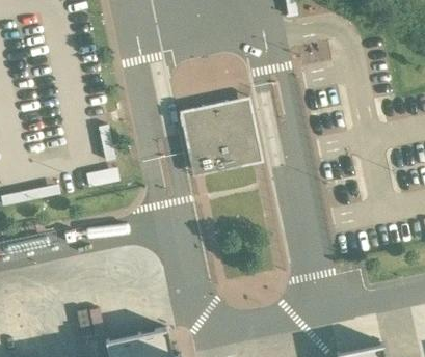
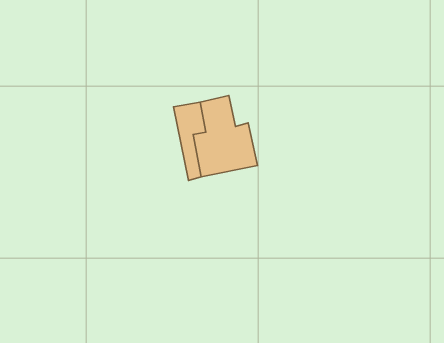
building: [227,101,263,168] -> none

